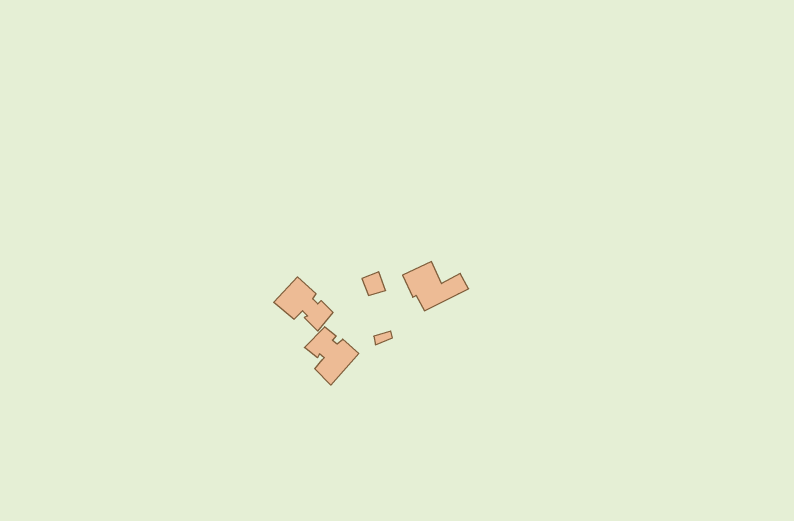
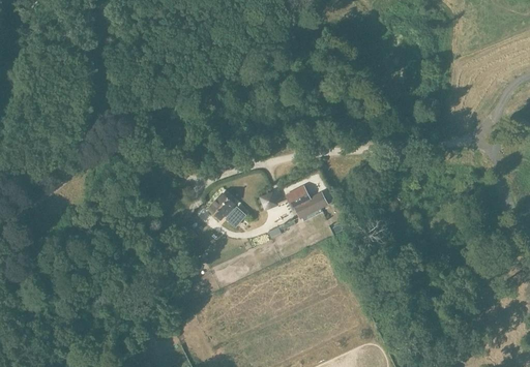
building: [304,327,359,385] -> none

